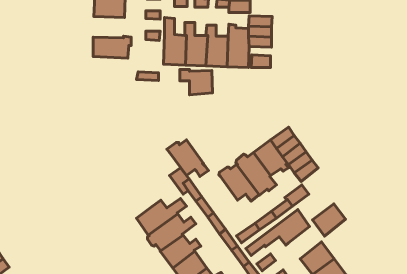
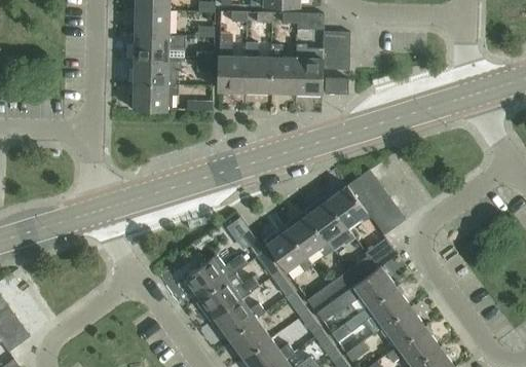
building: none -> [133,35,185,61]
building: none -> [126,83,178,110]
building: [180,69,213,95] -> none
building: [167,140,208,176] -> [263,228,313,272]
building: [313,204,346,236] -> [369,289,409,328]

